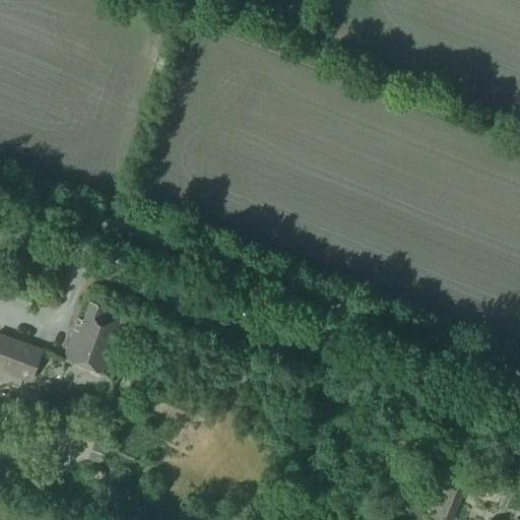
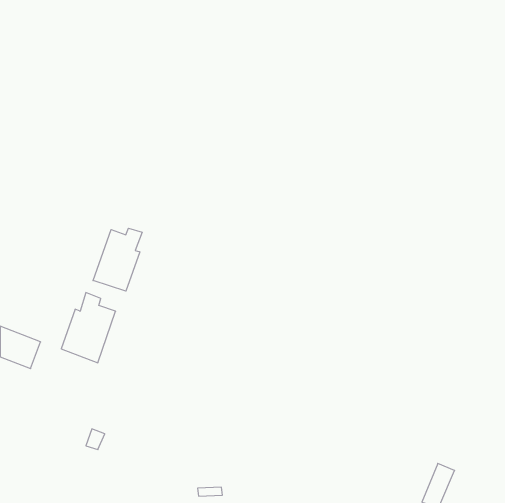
building: none -> [93,228,142,291]

